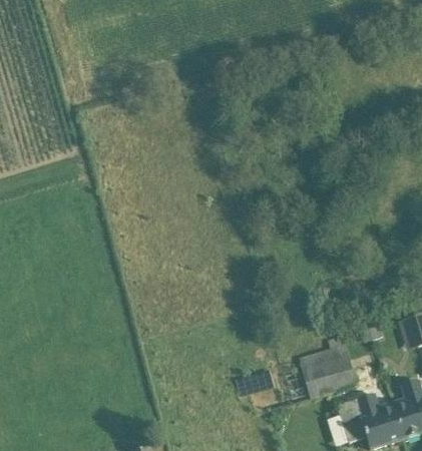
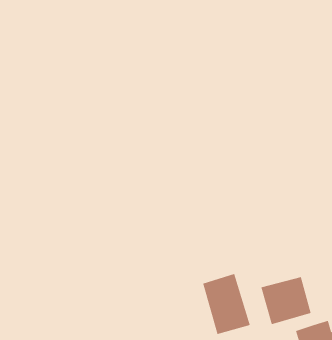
building: none -> [202,273,250,335]

